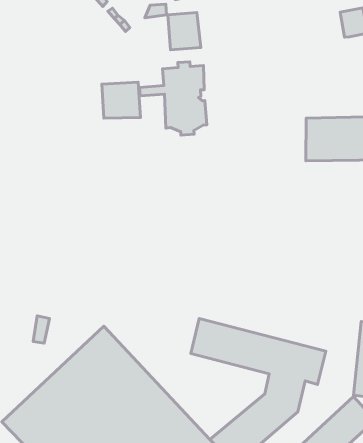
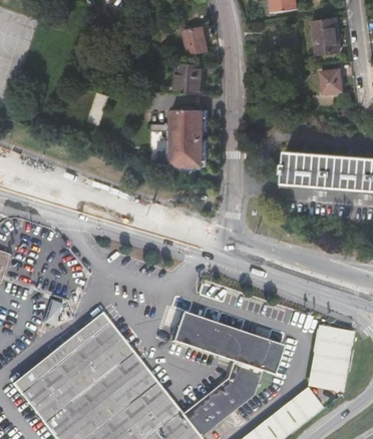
building: [102,82,140,118] -> none

